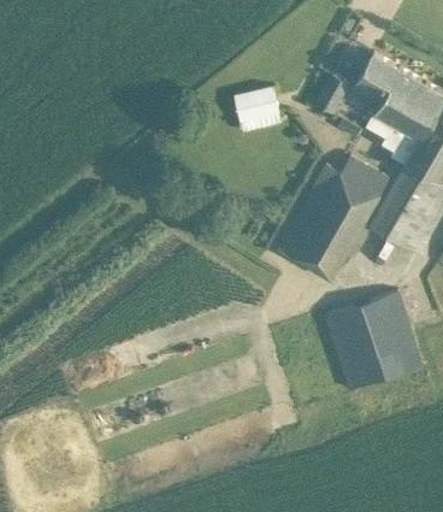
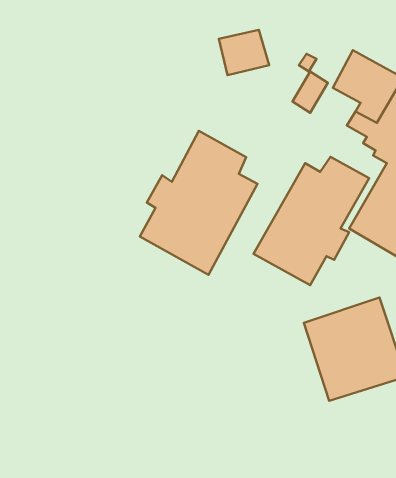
building: [236,89,284,133] -> [219,30,269,75]
building: none -> [140,131,258,275]

